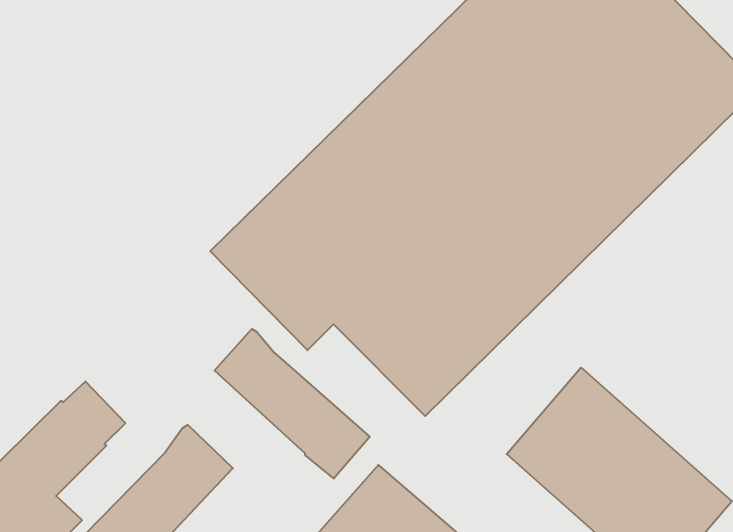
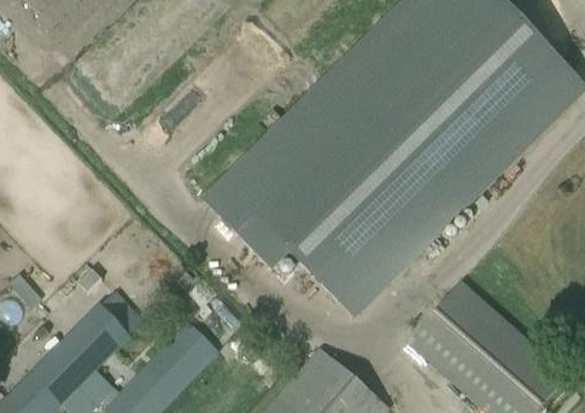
building: [215,329,370,479] -> none

